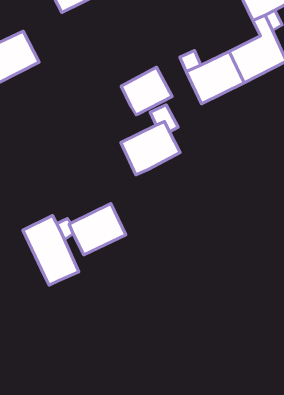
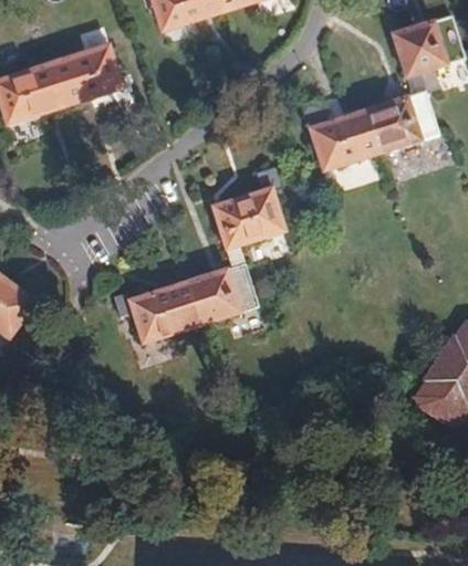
building: [121,67,172,115] -> none
building: none -> [187,245,260,325]
building: [23,215,79,285] -> none

